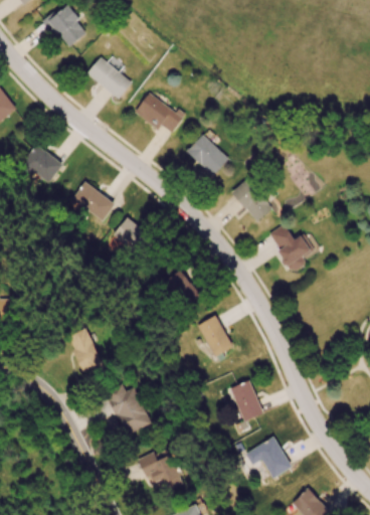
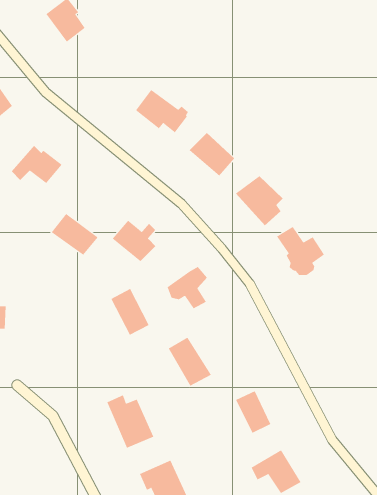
building: [84,57,131,100] -> none
building: [69,181,115,221] -> [51,213,98,255]
building: [195,315,237,362] -> [168,337,212,386]
building: [65,327,103,372] -> [110,288,149,336]

